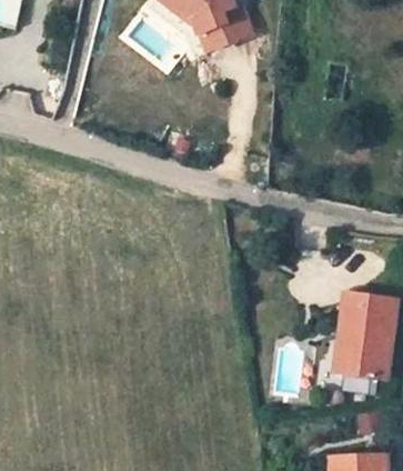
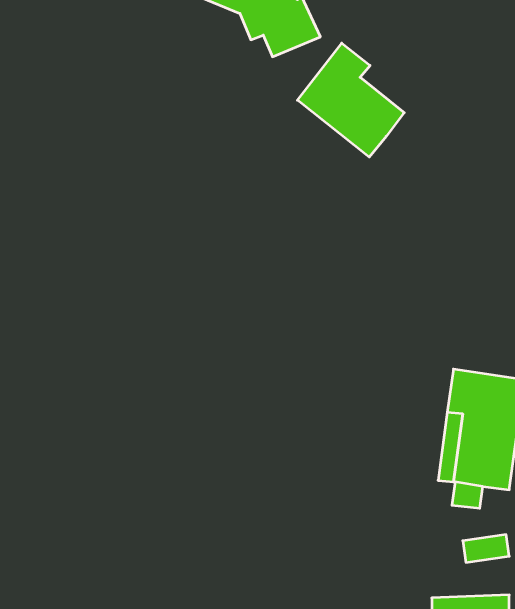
building: none -> [297,43,404,157]

